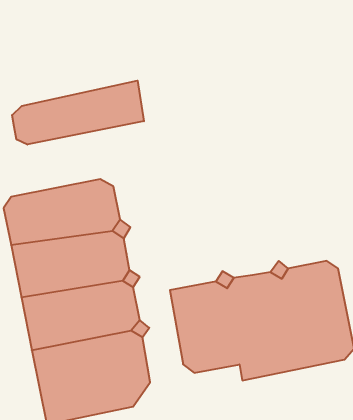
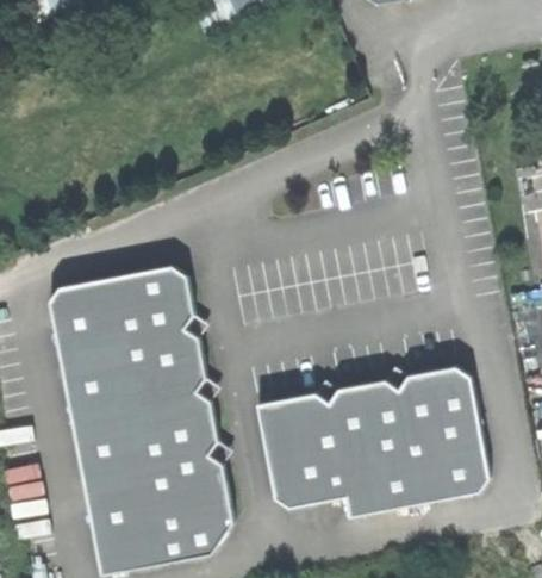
building: [12,81,144,145] -> none

